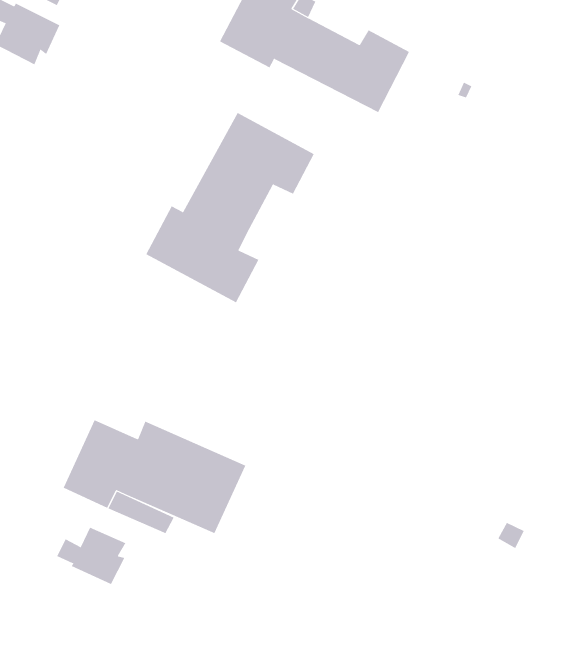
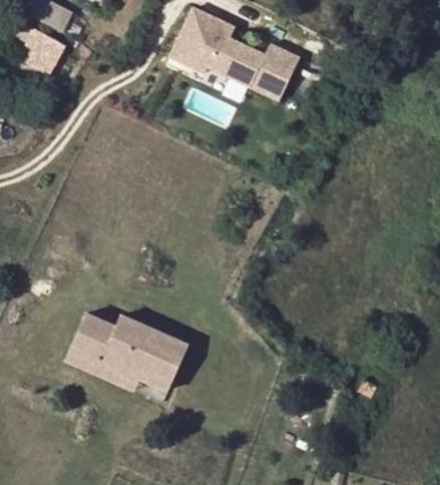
building: [146,112,314,303] -> none
building: [57,527,126,585] -> none

